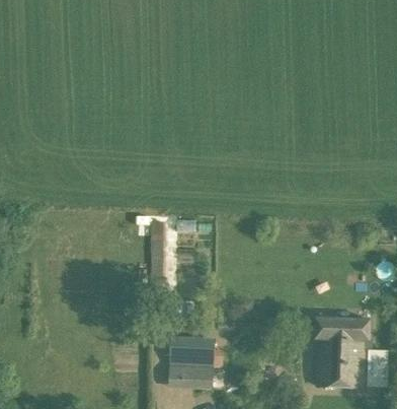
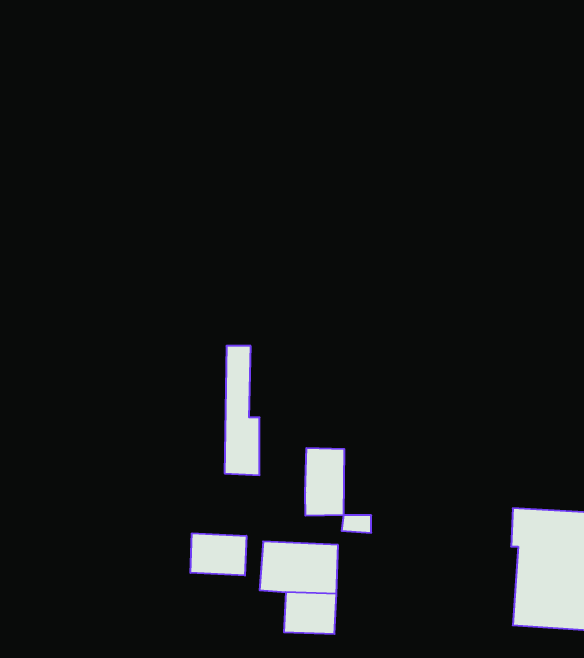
building: none -> [305,448,344,516]
building: none -> [190,533,246,576]

